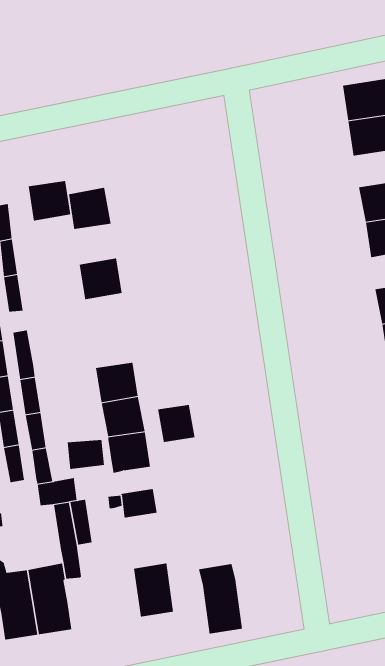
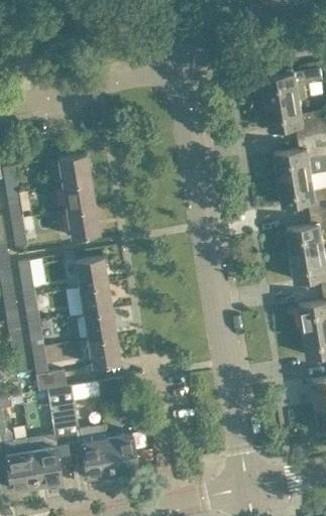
building: [28,181,71,221] -> [62,181,94,212]
building: none -> [74,257,106,288]
building: [157,404,195,443] -> none
building: [198,564,243,634] -> [78,425,111,478]

